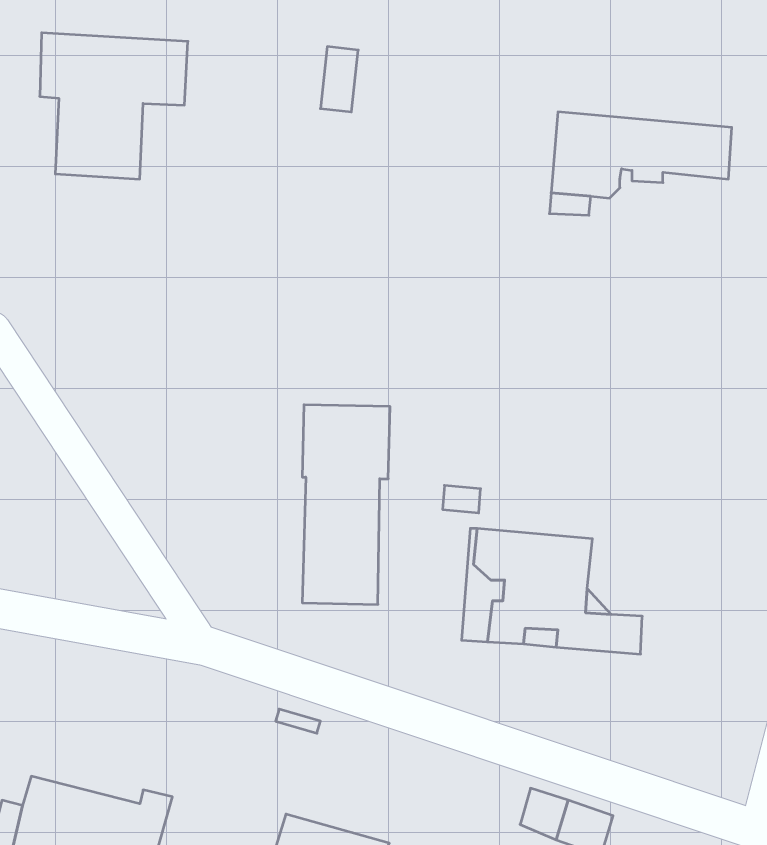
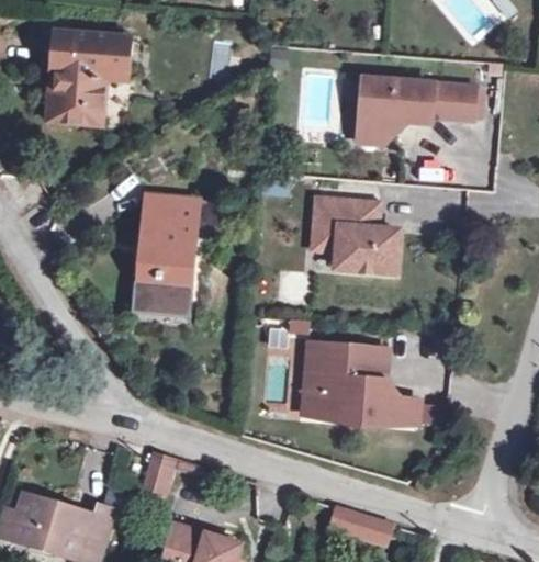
building: none -> [312,199,396,271]
building: [302,405,390,604] -> [143,188,199,315]
building: none -> [143,445,179,498]

